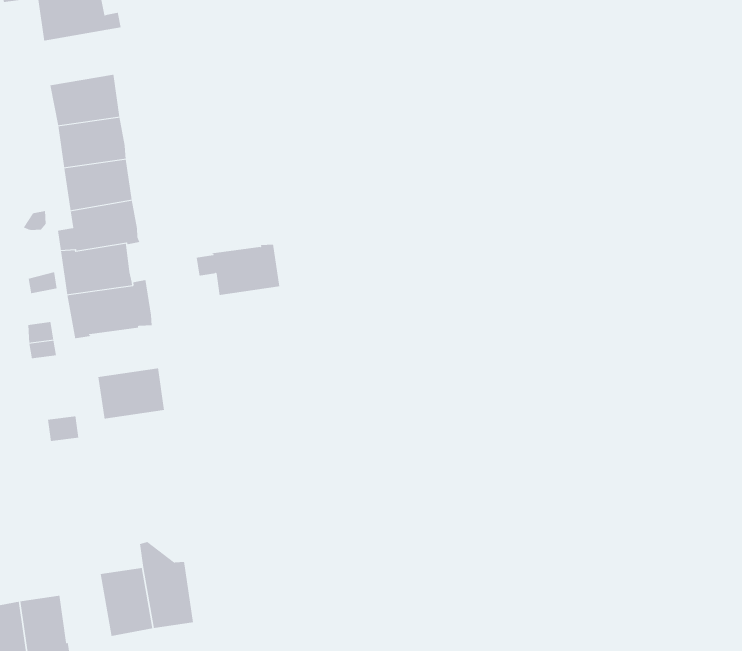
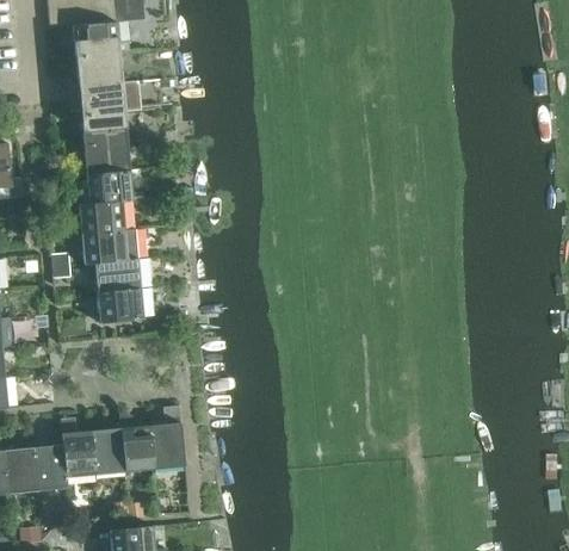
building: none -> [75,52,123,88]
building: [196,244,280,296] -> [84,260,141,293]
building: none -> [150,404,184,469]
building: none -> [61,422,95,477]

